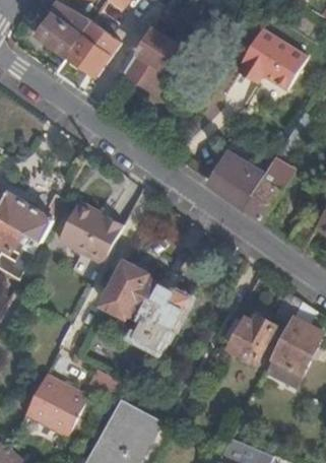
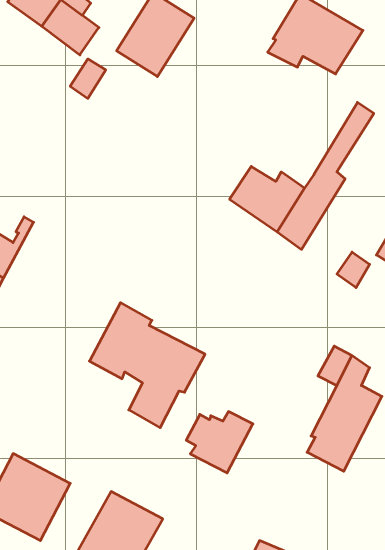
building: [55,198,123,281] -> none
building: [224,315,274,360] -> [186,412,253,473]

